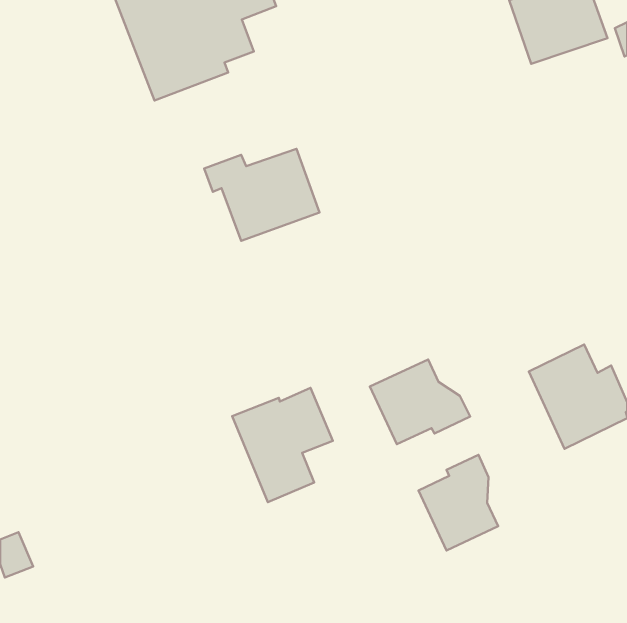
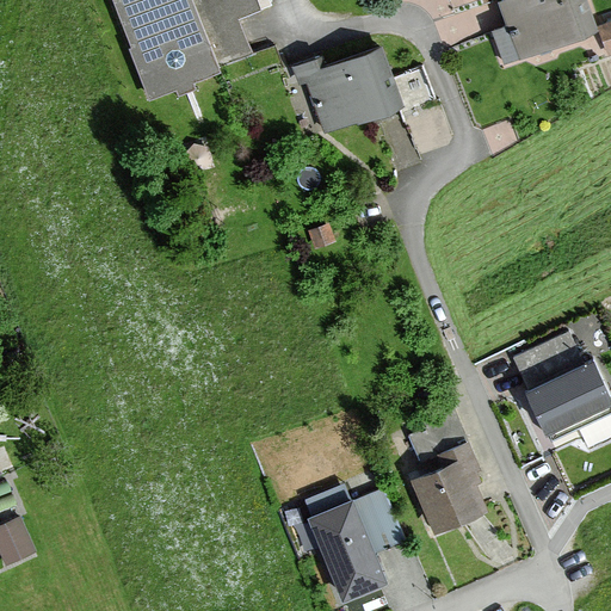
building: [204,149,320,241] -> [290,47,402,136]
building: [370,360,470,444] -> none
building: [232,388,333,502] -> [304,490,402,601]

